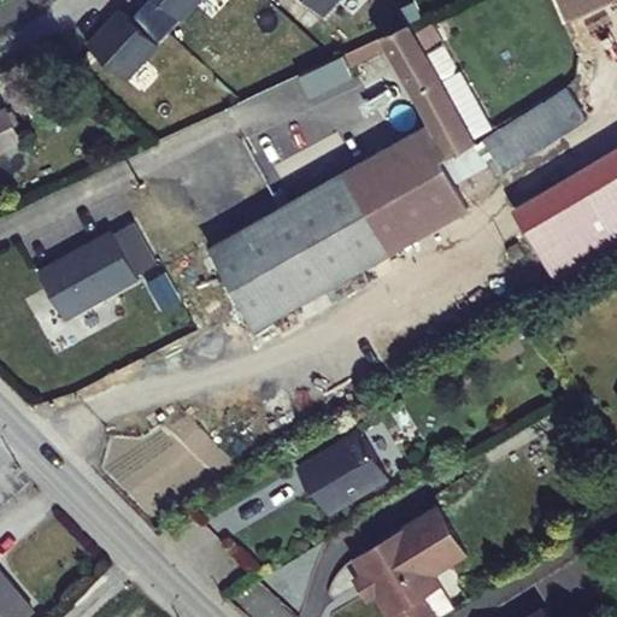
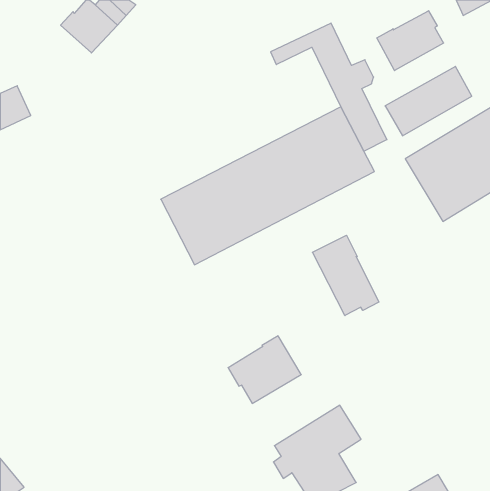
building: none -> [377,11,444,71]
building: [41,222,164,319] -> none
building: none -> [312,235,379,316]

